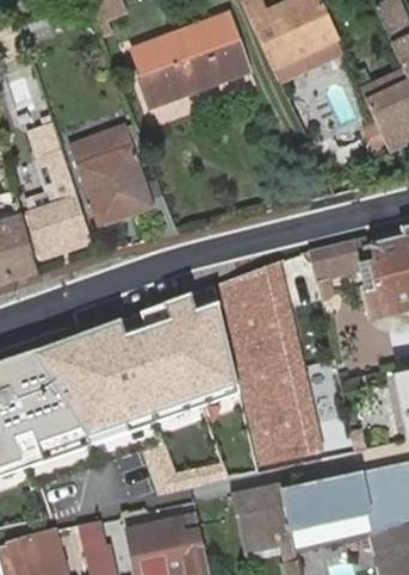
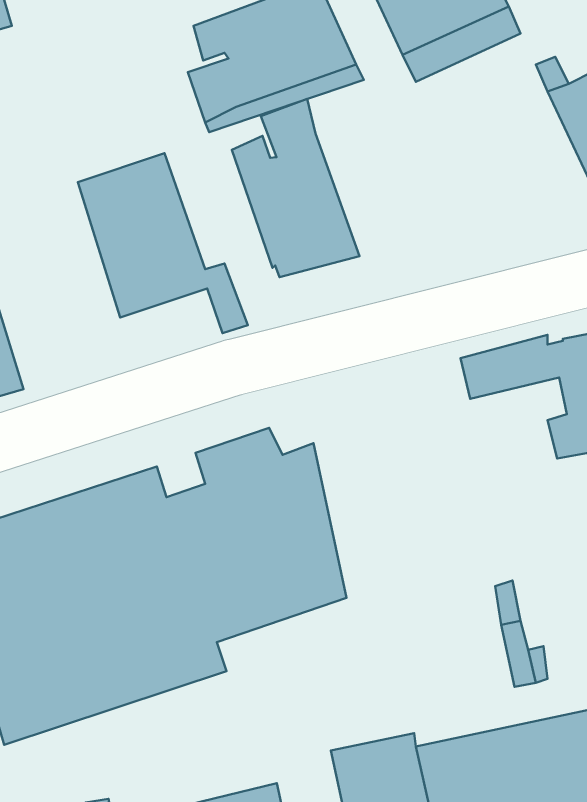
building: none -> [232,99,360,277]
building: [31,111,89,254] -> none
building: [219,261,317,463] -> none

